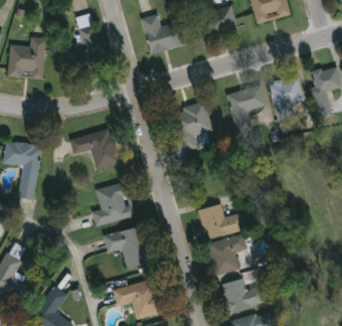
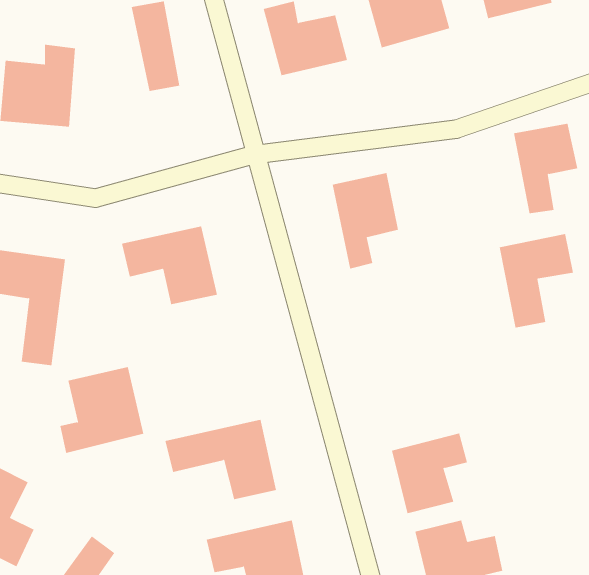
building: [227,86,266,134] -> [499,234,574,328]
building: [92,182,135,226] -> [60,367,144,453]
building: [198,204,243,239] -> none

